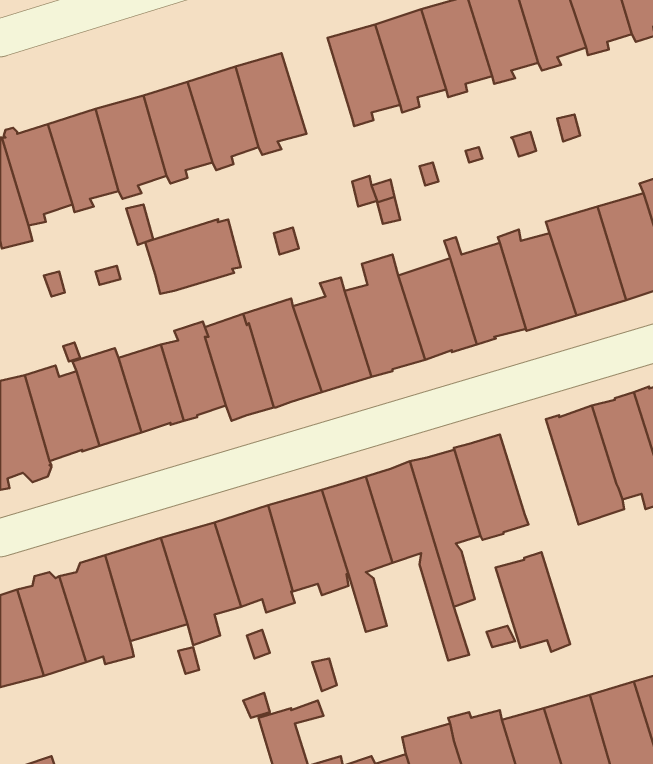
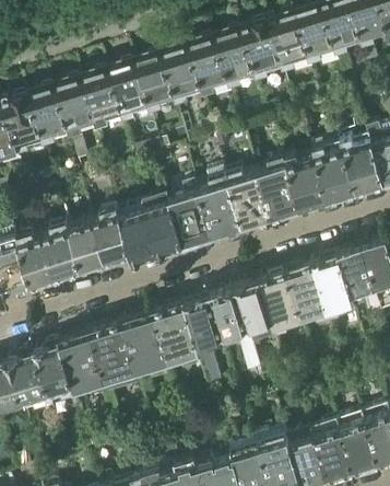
building: none -> [162,45,202,104]
building: [145,219,241,294] -> none
building: [496,552,570,652] -> [286,263,329,320]

